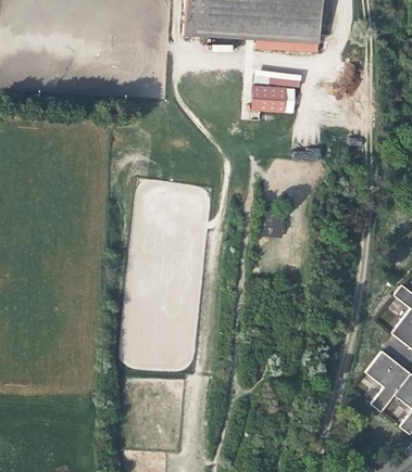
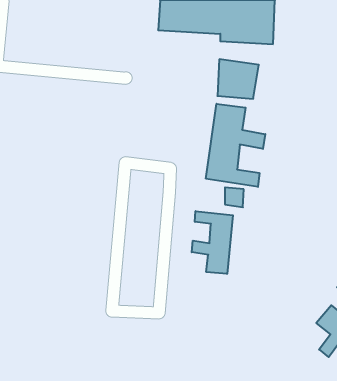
building: none -> [206,104,265,187]
building: none -> [192,211,233,274]

